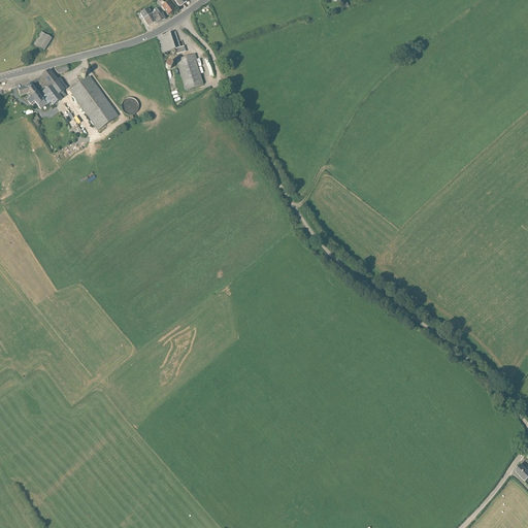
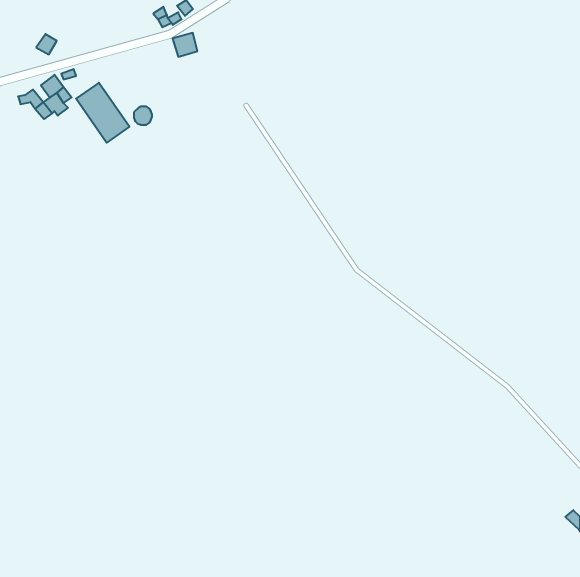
building: [176,53,204,89] -> none

